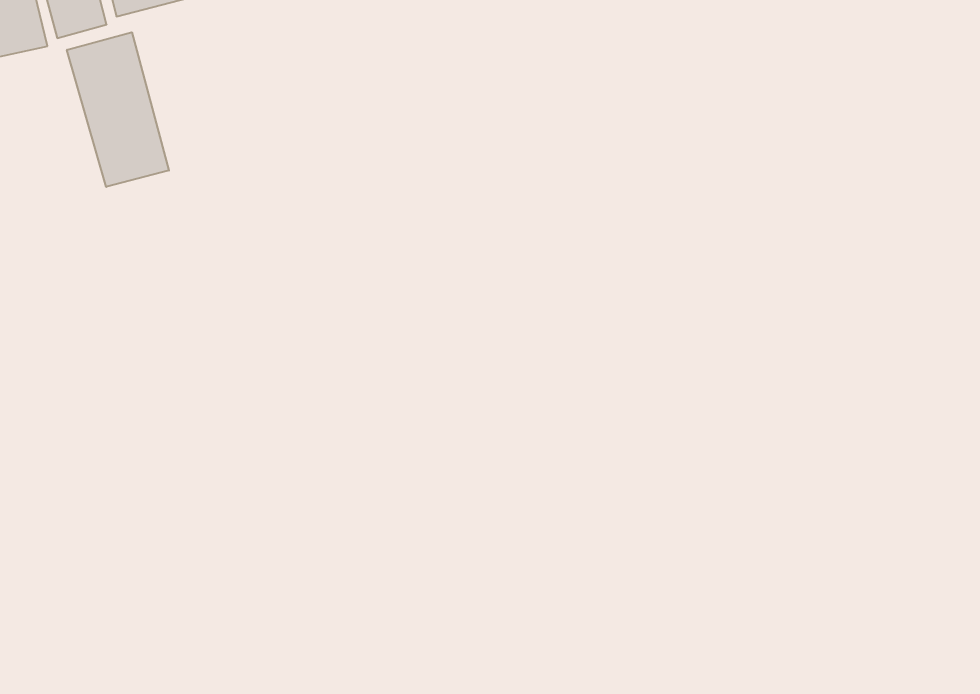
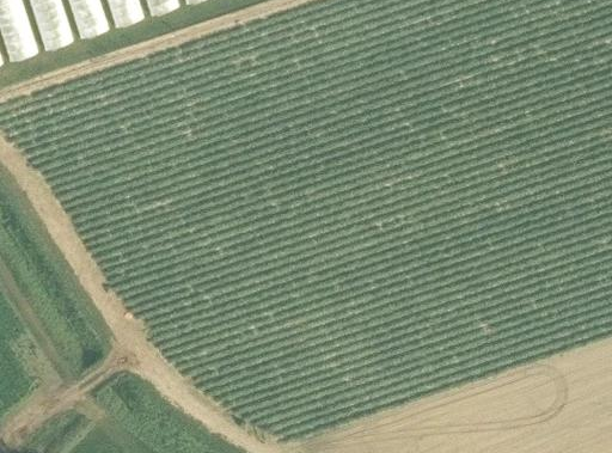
building: [67,32,169,187] -> none

